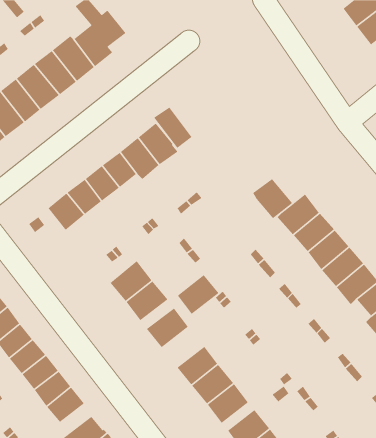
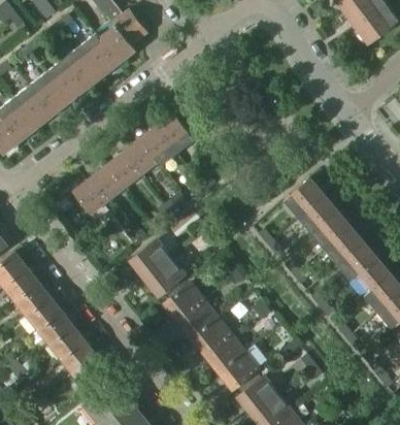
building: [153,106,192,149] -> none
building: [252,178,293,219] -> none
building: [177,274,220,315] -> [178,300,218,337]

